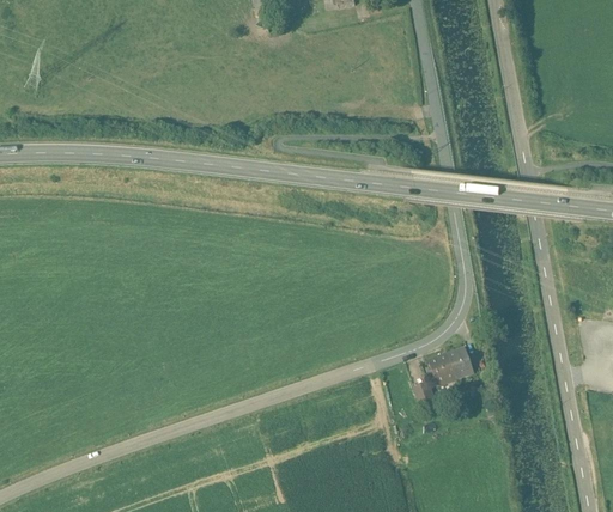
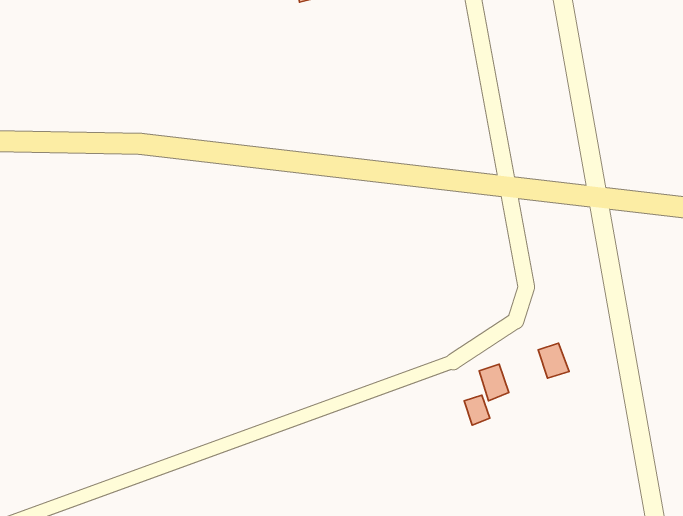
building: [445,345,473,376] -> [538,343,569,378]

